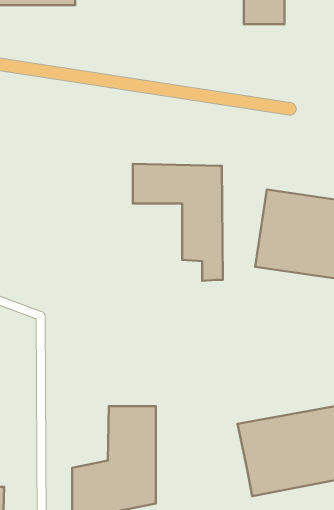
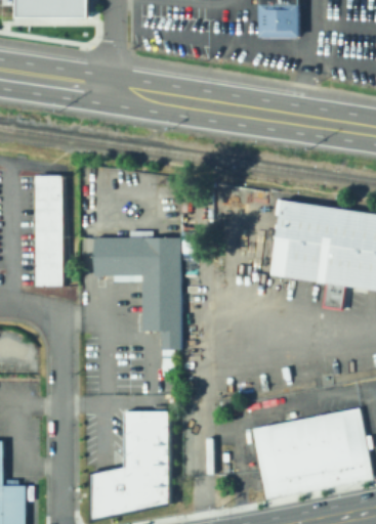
building: [133,164,223,281] -> [96,236,184,351]
building: none -> [33,177,61,288]

